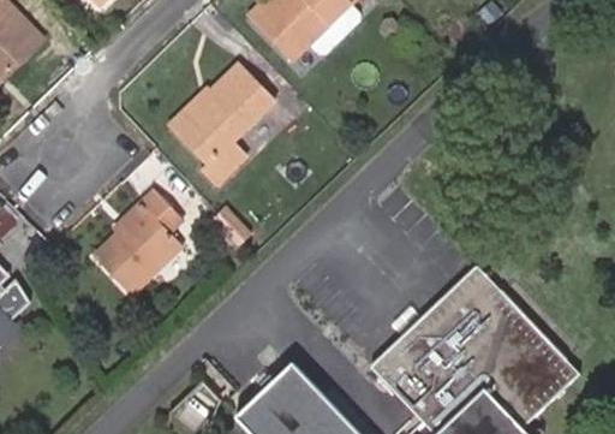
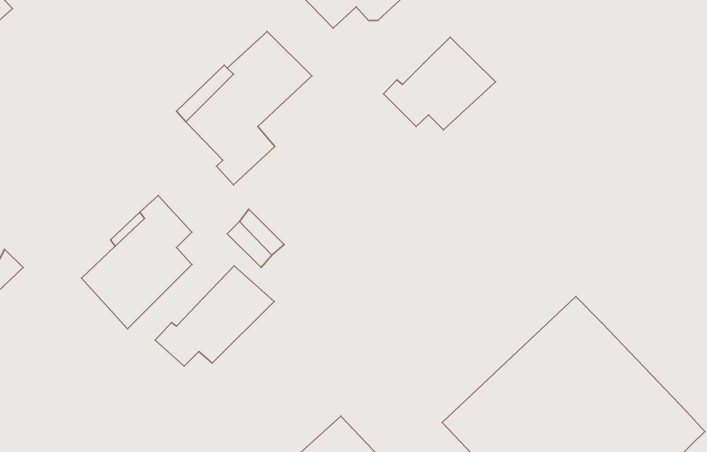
building: none -> [383,37,495,130]
building: none -> [155,266,274,366]

